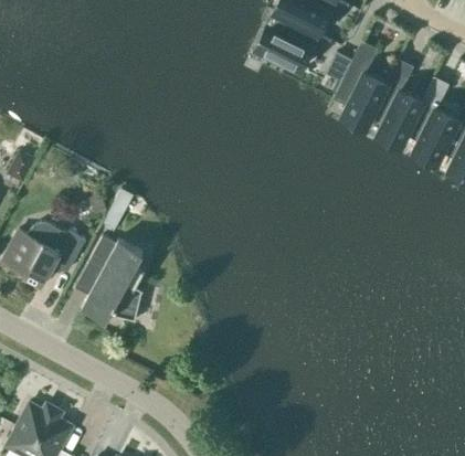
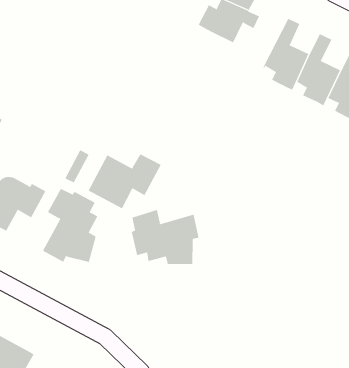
building: none -> [88,153,161,209]
building: none -> [131,209,199,265]

